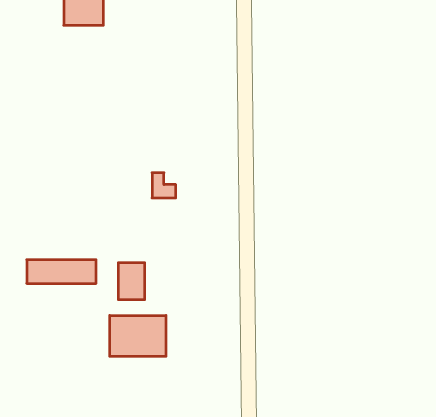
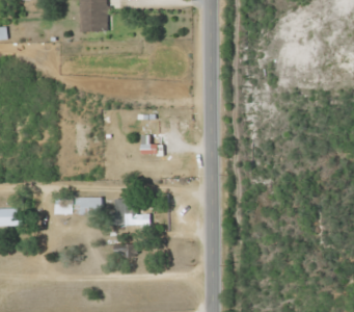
building: [110,315,166,356] -> none

